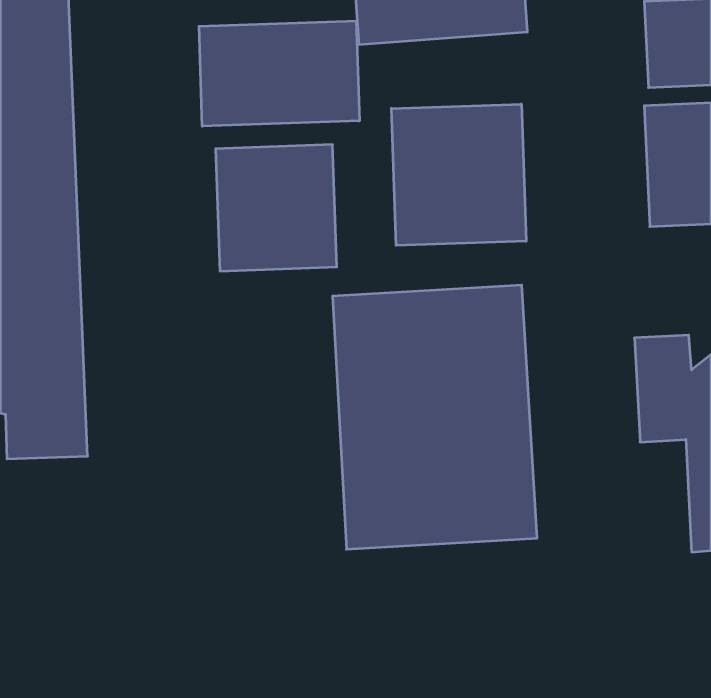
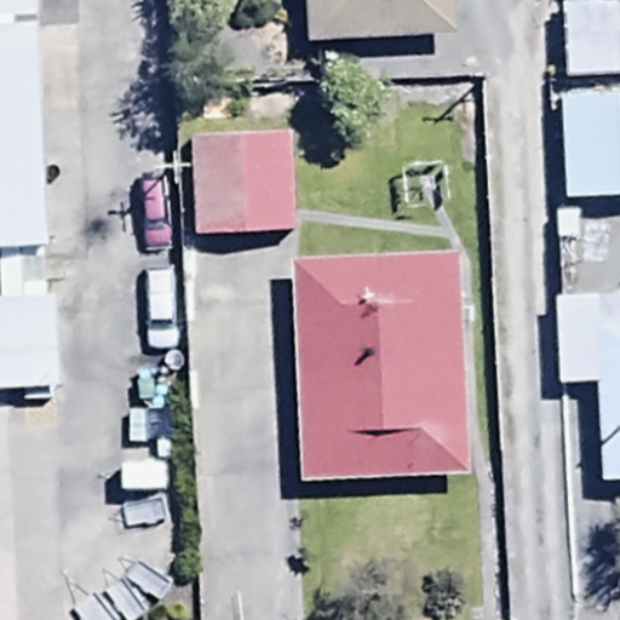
building: [199,21,359,126] -> none
building: [391,104,526,245] -> none

